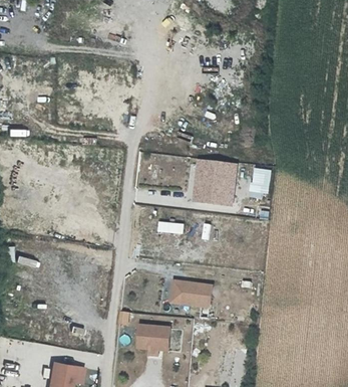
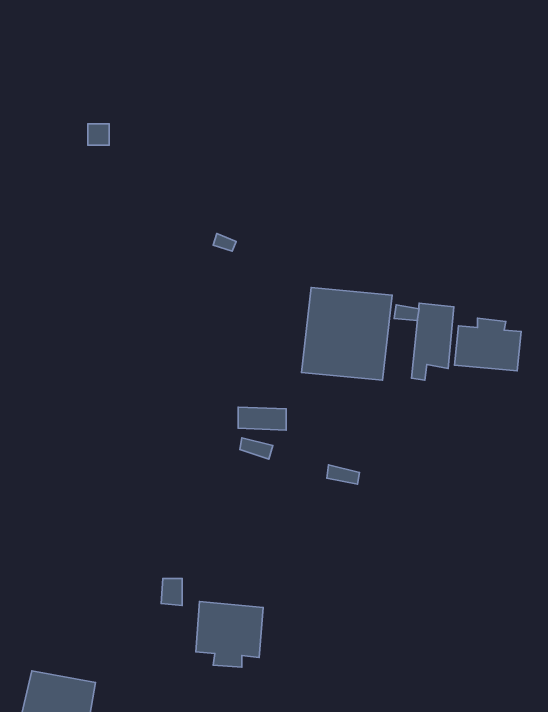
building: none -> [454,318,521,371]
building: [169,279,215,309] -> none

